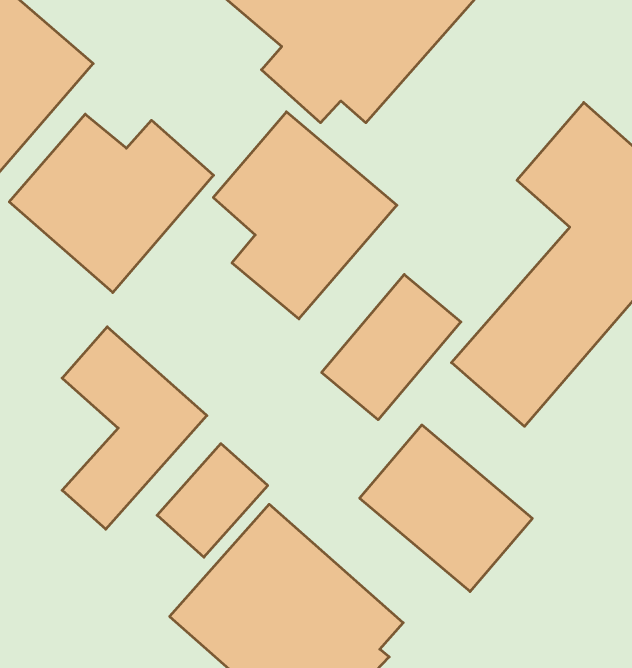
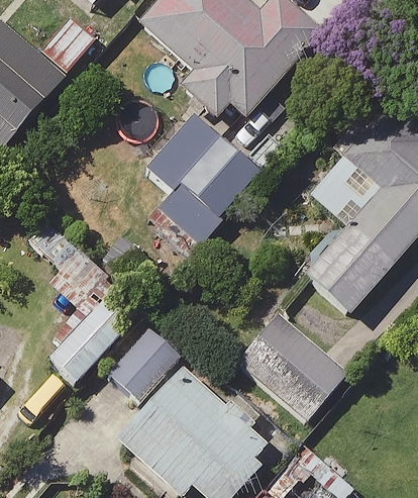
building: [9,114,214,293] -> none
building: [322,274,461,420] -> none

